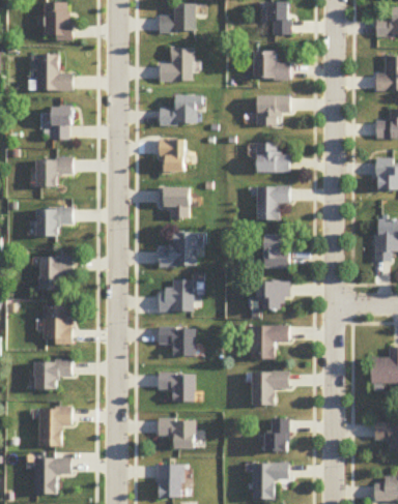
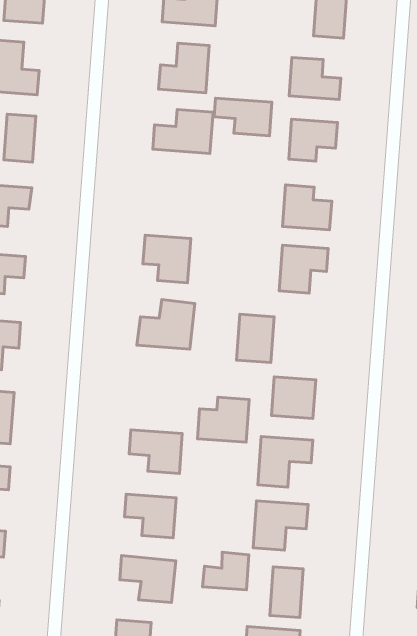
building: none -> [214,98,272,136]
building: [160,139,186,173] -> none
building: [264,234,289,267] -> [237,314,274,363]
building: [159,280,194,312] -> [197,397,249,442]
building: none -> [203,552,249,590]

